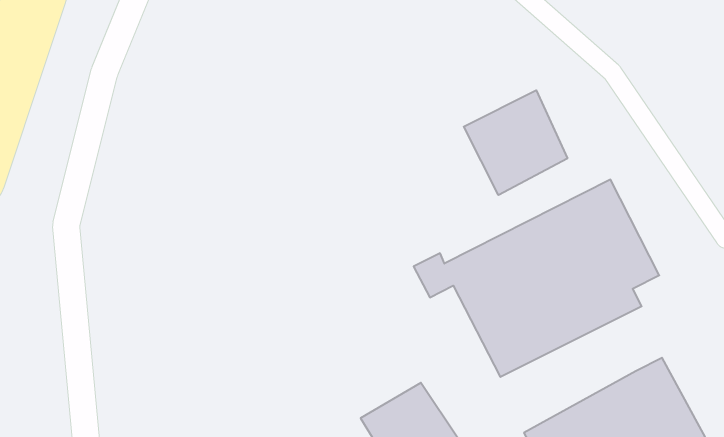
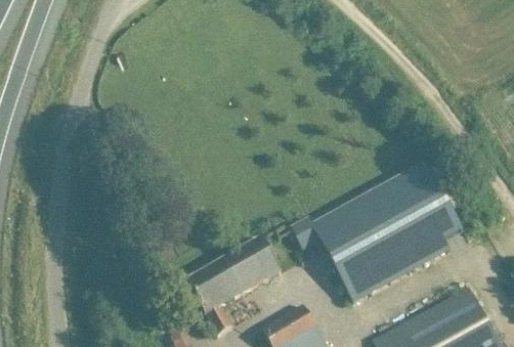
building: [464,90,567,195] -> none
building: none -> [184,236,281,334]

